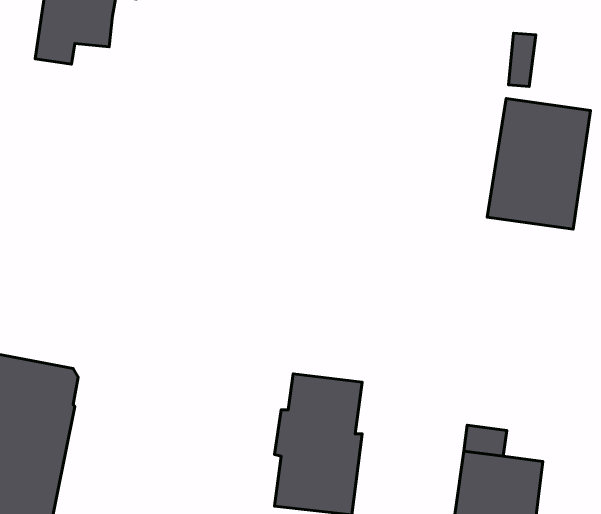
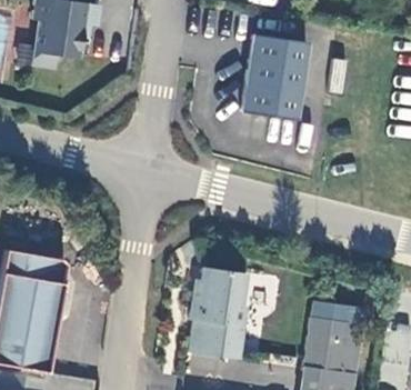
building: [487,98,591,229] -> [244,34,311,119]

